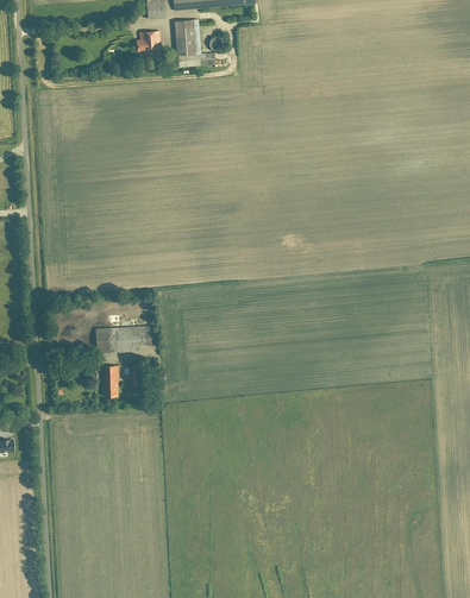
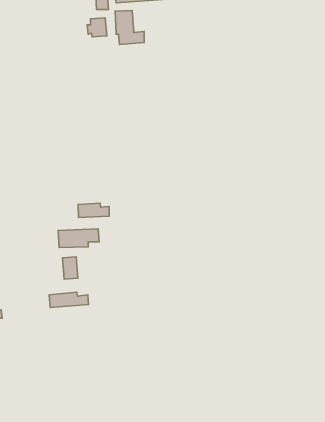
building: none -> [78,203,109,218]
building: none -> [49,292,88,308]

